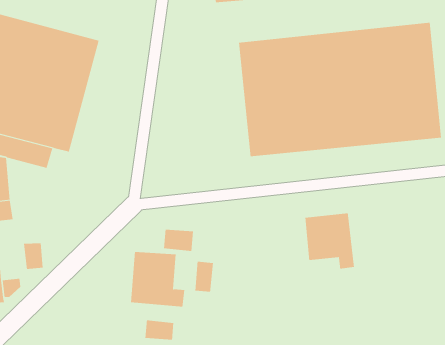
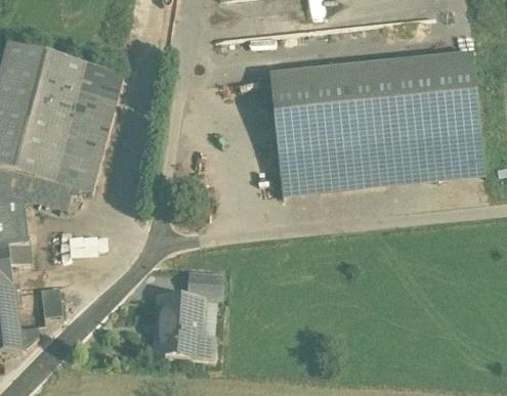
building: [305,213,354,270] -> none
building: [195,261,214,292] -> none
building: [145,319,174,341] -> none

